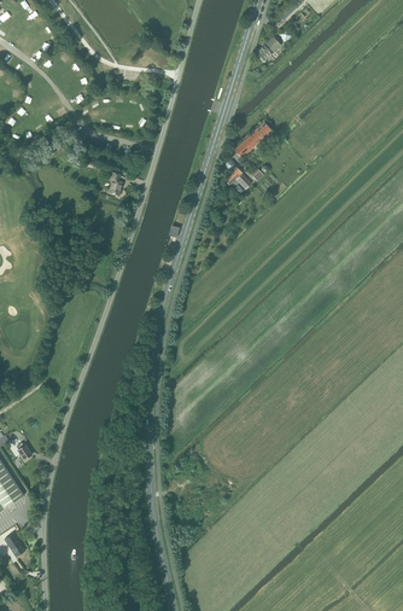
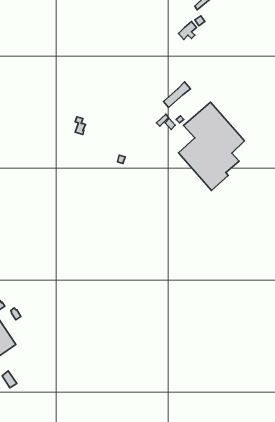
building: none -> [179,102,245,190]

